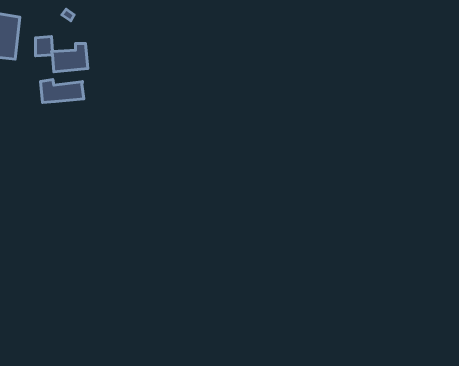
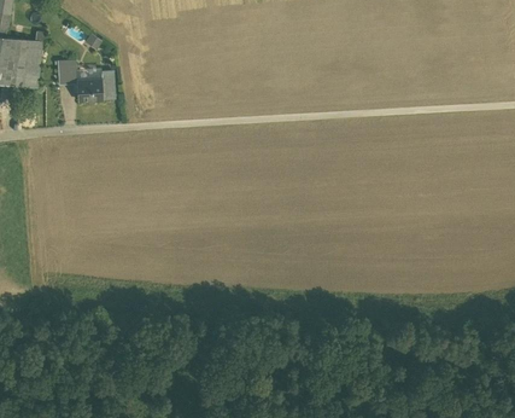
building: [41,80,84,102] -> none

